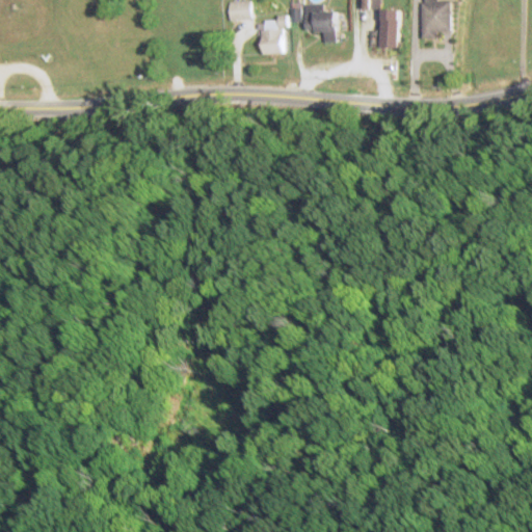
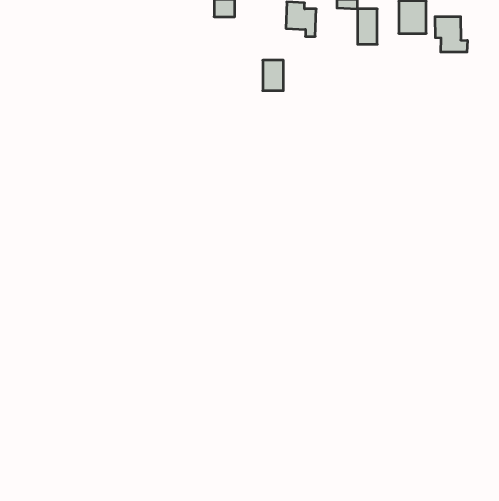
building: none -> [435,17,467,52]
building: [259,20,281,52] -> [263,60,283,91]

